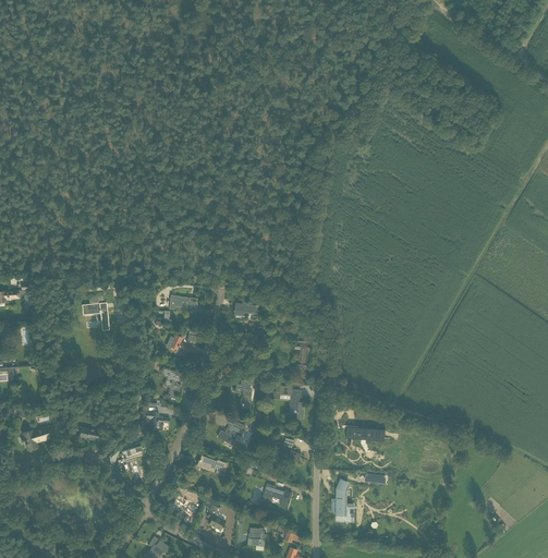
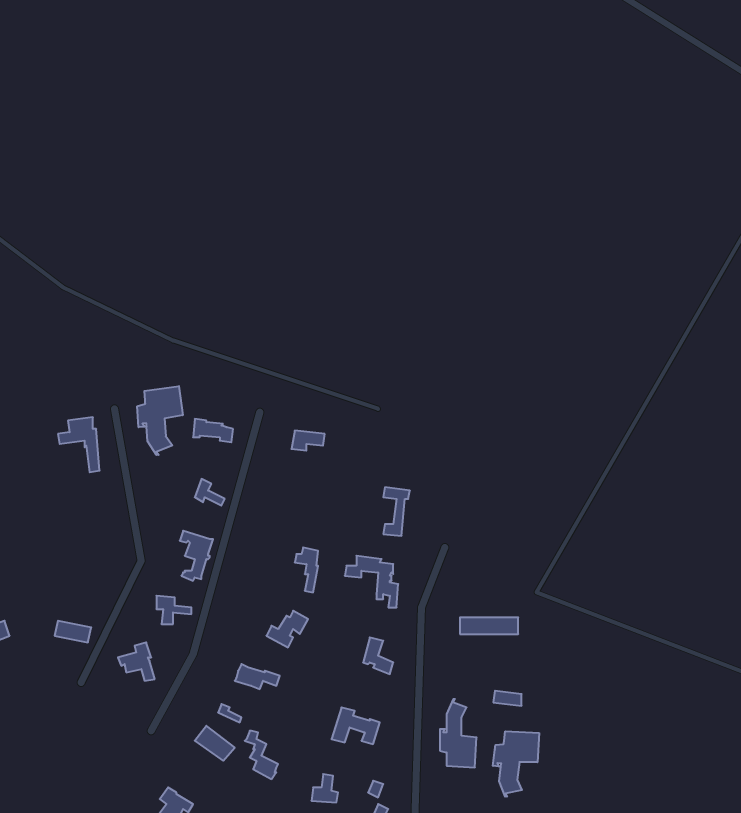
building: none -> [137,386,183,455]
building: none -> [493,731,539,797]

